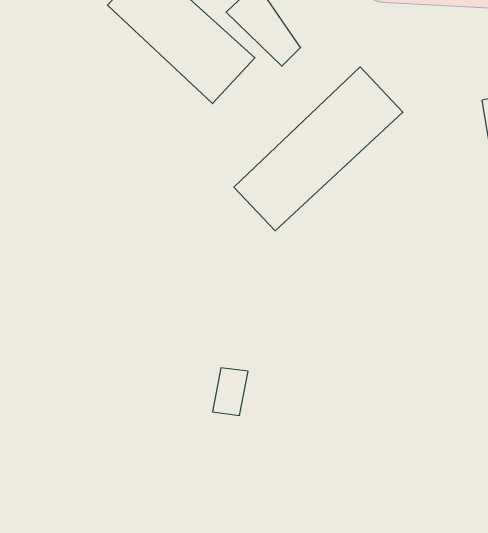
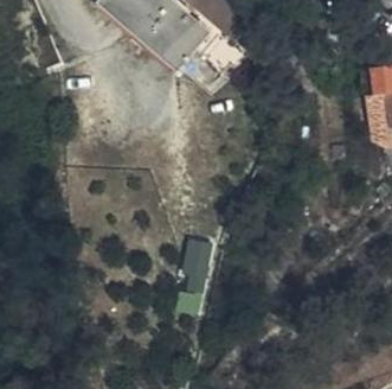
building: [234,67,403,231] -> none

